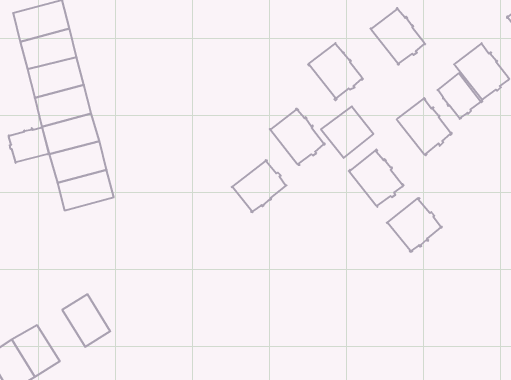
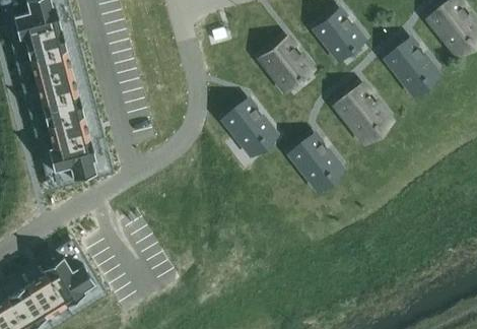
building: [437,73,482,119] -> none
building: [321,106,373,158] -> none
building: [9,127,49,163] -> none
building: [232,160,287,212] -> none
building: [387,198,442,252] -> none
building: none -> [32,267,73,311]

